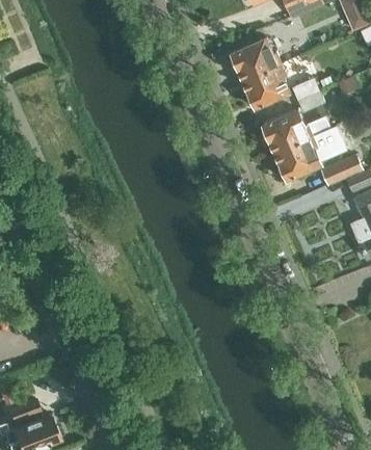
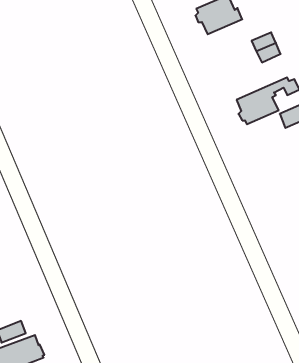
building: [242,64,289,108] -> none
building: [261,110,330,154] -> none

